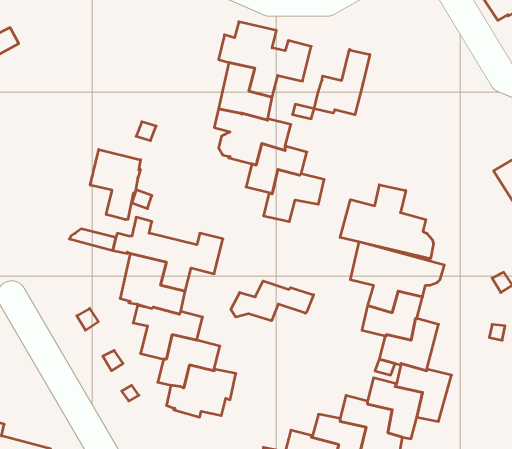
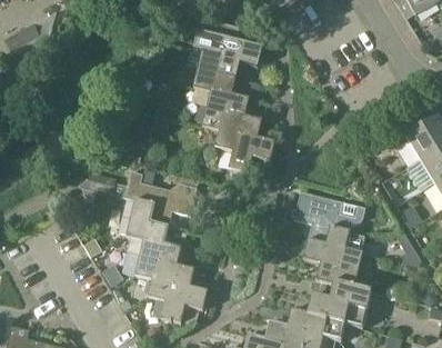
building: [314,49,370,115] -> none
building: [90,149,141,220] -> none
building: [340,185,433,259] -> none
building: [231,281,314,321] -> none

